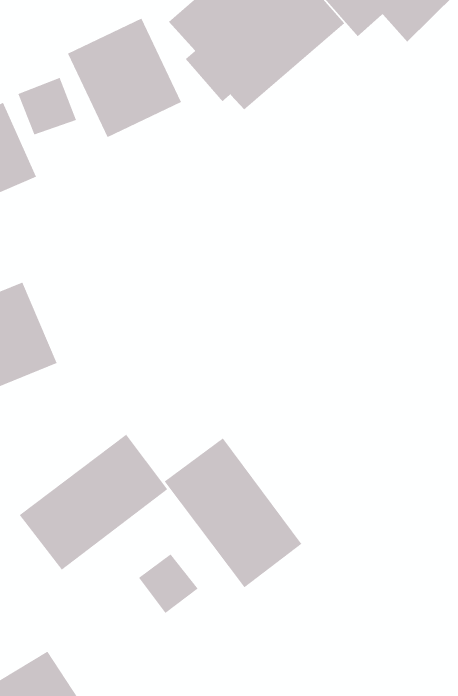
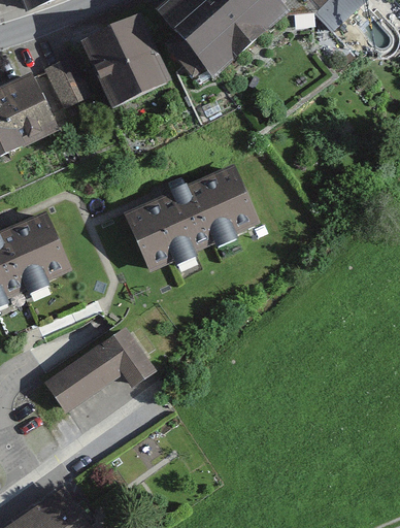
building: none -> [126,166,260,269]
building: [164,438,302,588] -> none
building: [138,553,199,614] -> none

